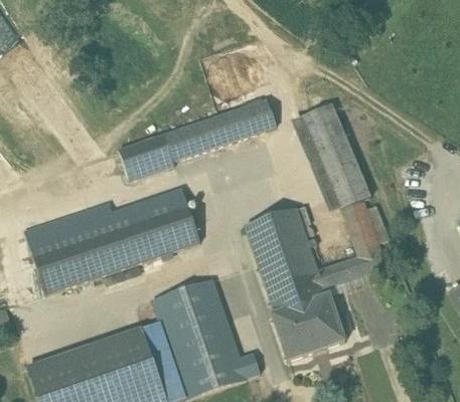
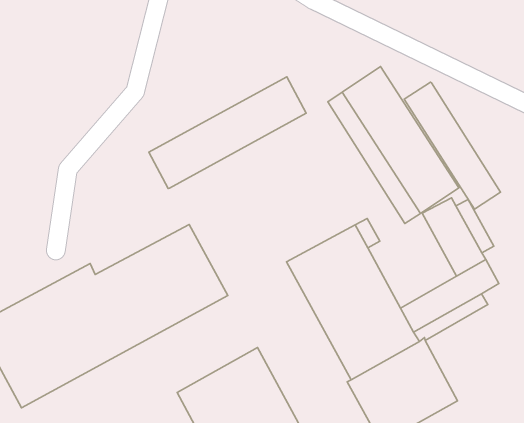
building: none -> [404,82,501,209]
building: [119,134,174,180] -> none

